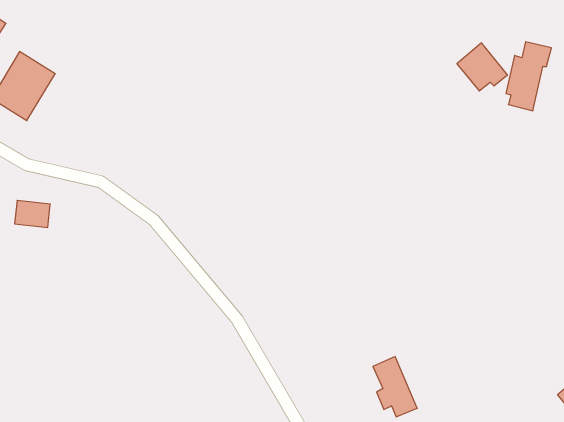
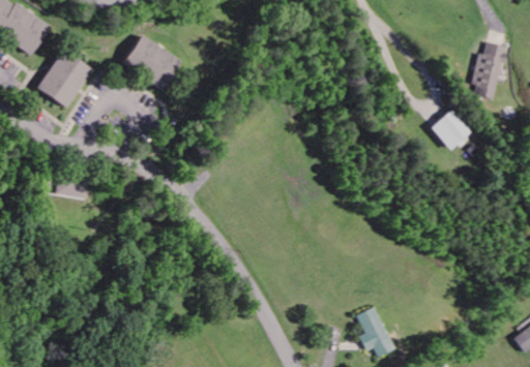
building: none -> [123,34,181,89]
building: [457,43,507,91] -> [430,110,472,150]

